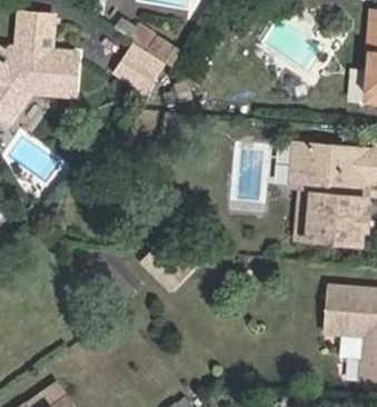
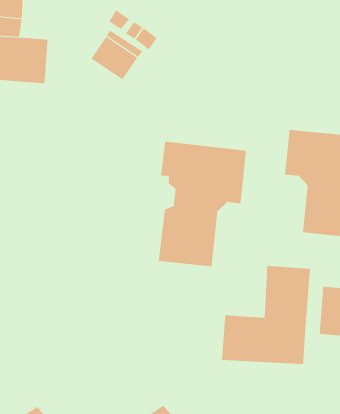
building: none -> [158,141,246,267]
building: none -> [222,265,310,365]

